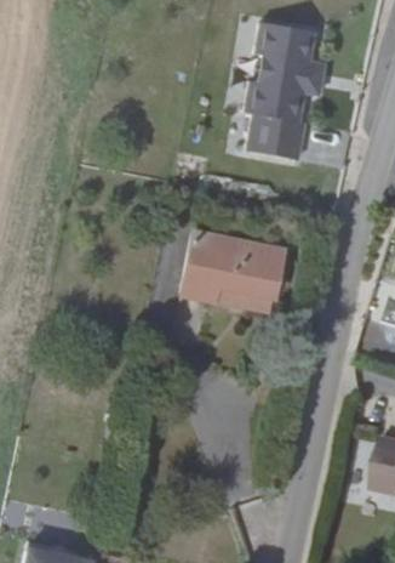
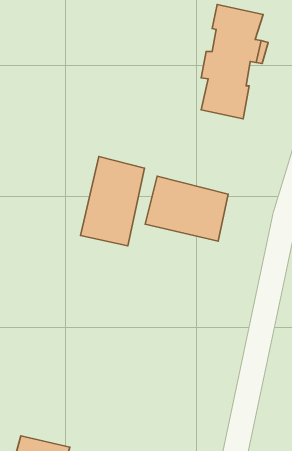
building: none -> [80,156,145,246]

